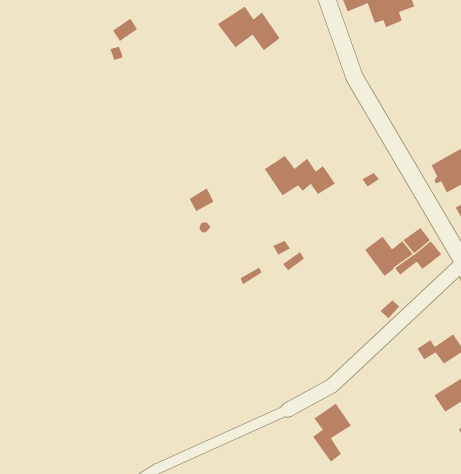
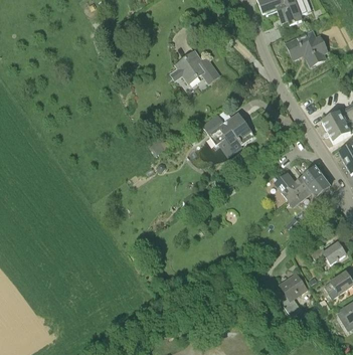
building: [217,6,281,51] -> [174,51,219,83]
building: none -> [286,31,328,65]
building: [312,403,352,462] -> [278,273,306,315]

